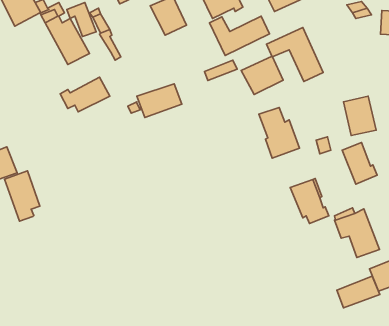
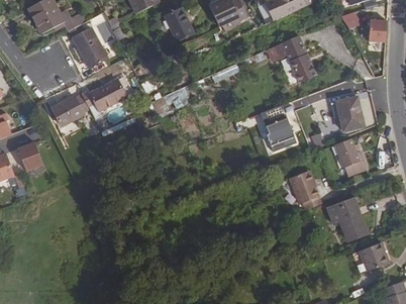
building: [209,16,269,56] -> none
building: [241,56,283,94] -> none
building: none -> [52,94,89,126]
building: [5,171,40,221] -> none
building: [337,276,380,308] -> none

